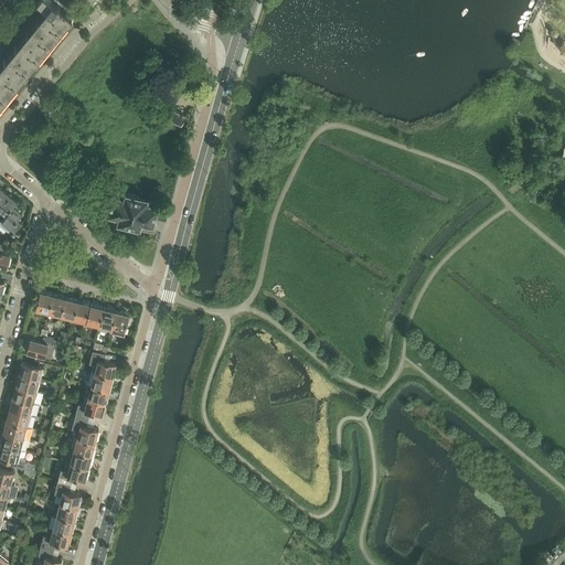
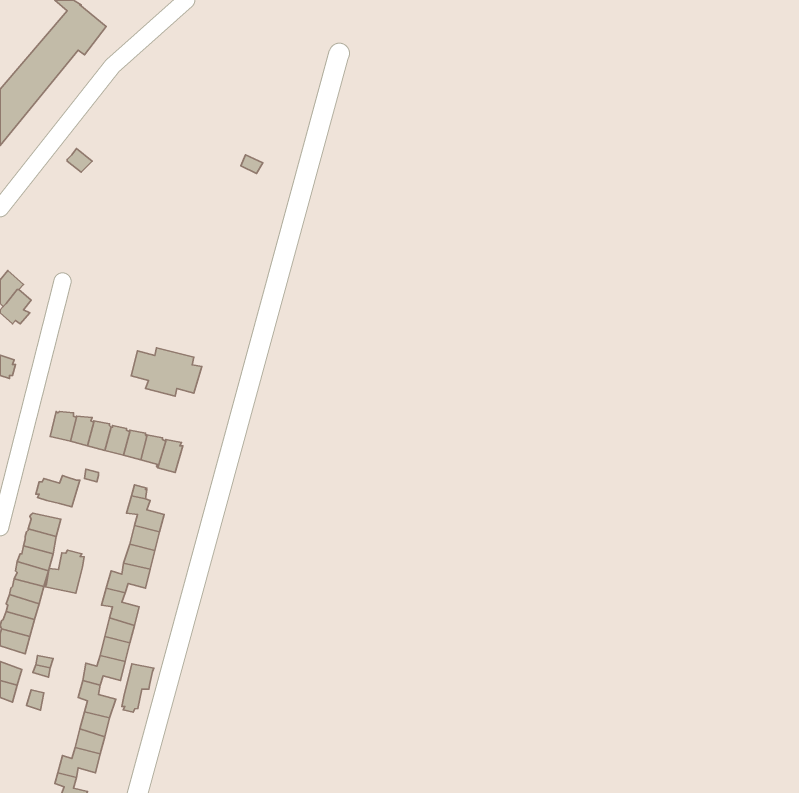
building: [108,198,158,232] -> [131,348,202,396]
building: none -> [45,550,84,593]
building: none -> [122,664,154,712]

